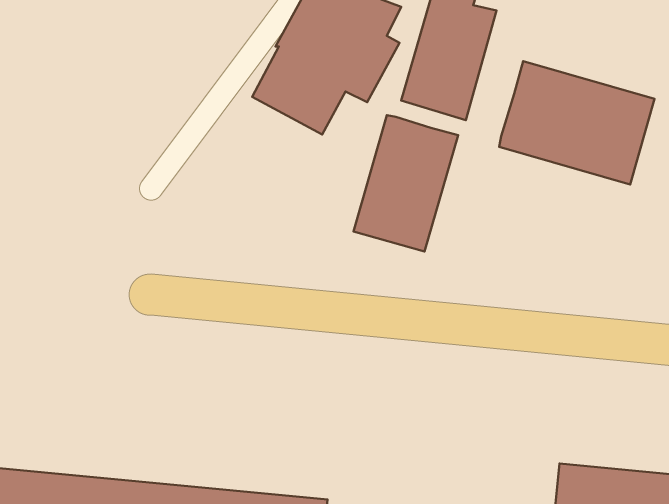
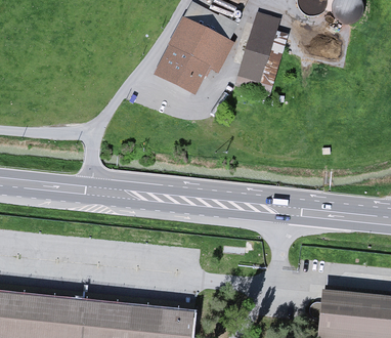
building: [499,61,654,184] -> none
building: [354,115,458,251] -> none

